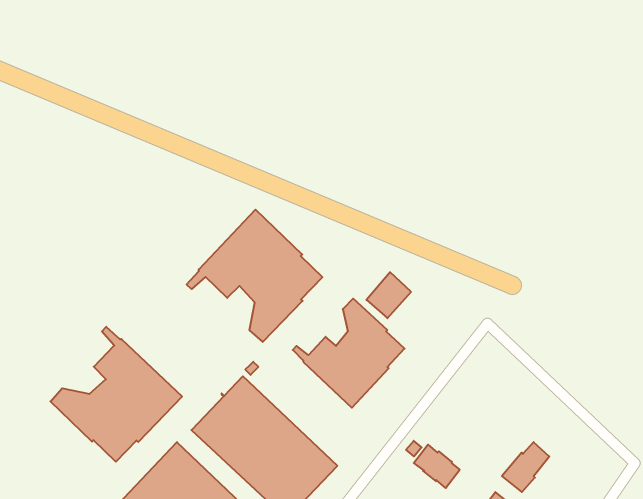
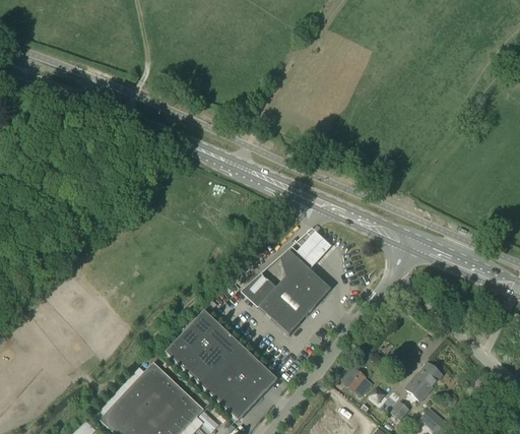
building: [187,210,322,342] -> none
building: [50,327,182,462] -> none

